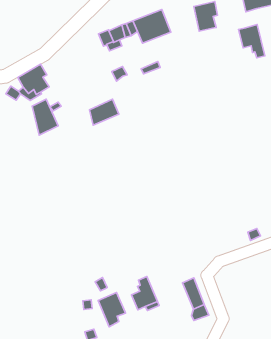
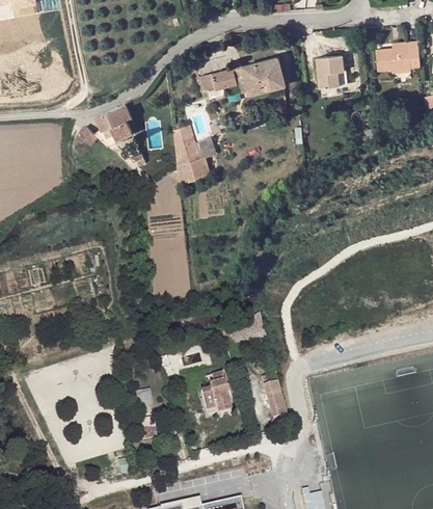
building: [238,25,265,58] -> none
building: [32,99,58,135] -> [172,125,200,166]
building: [98,293,126,327] -> none

